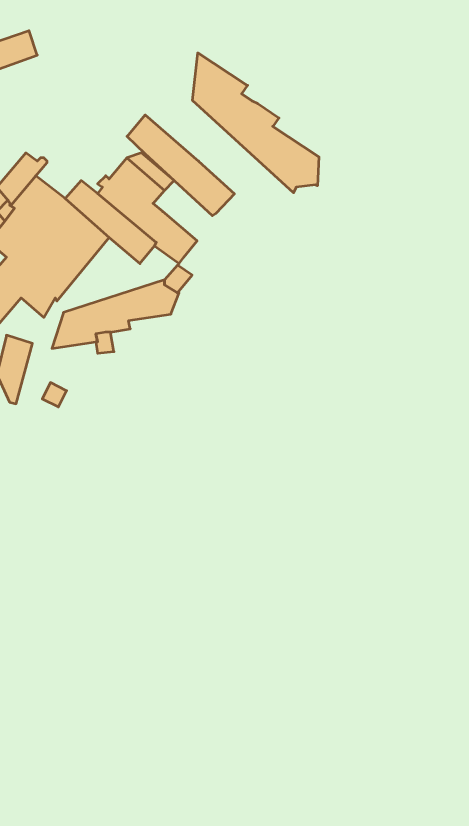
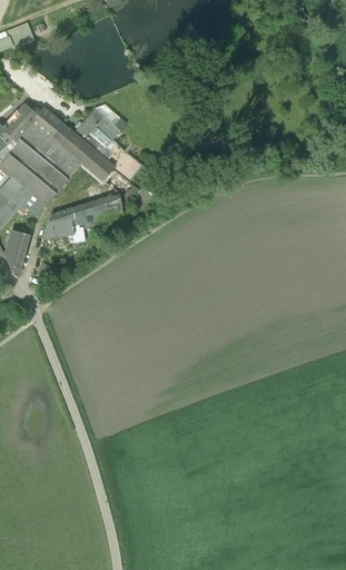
building: [193,53,319,193] -> none
building: [127,115,234,216] -> none
building: none -> [31,107,62,136]

